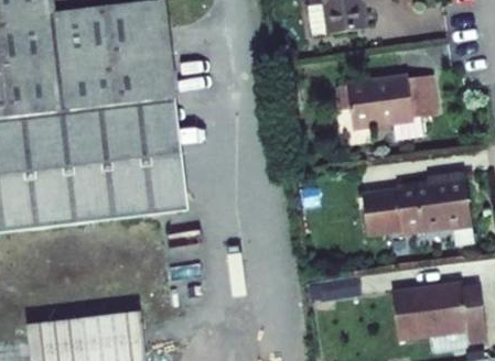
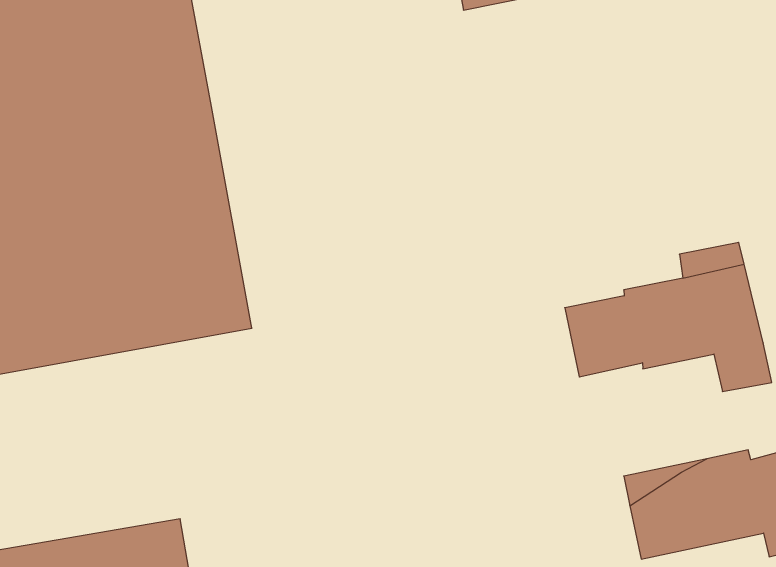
building: [337,79,426,144] -> none

